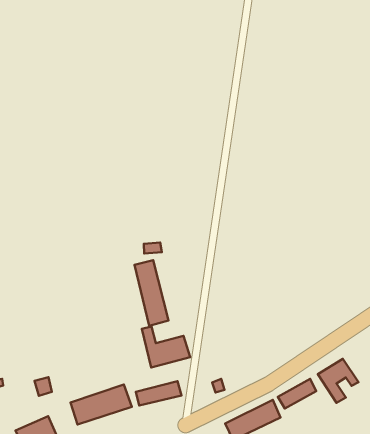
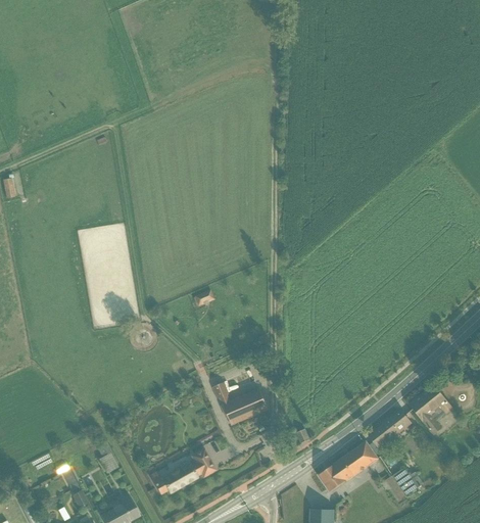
building: [134,260,168,326] -> none
building: [136,381,182,406] -> none

